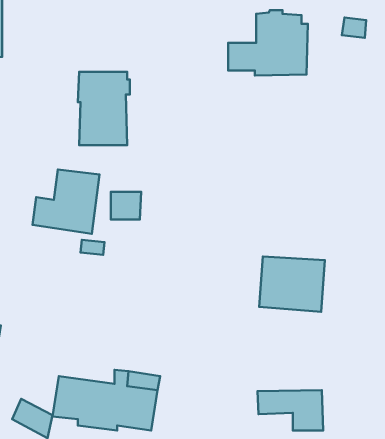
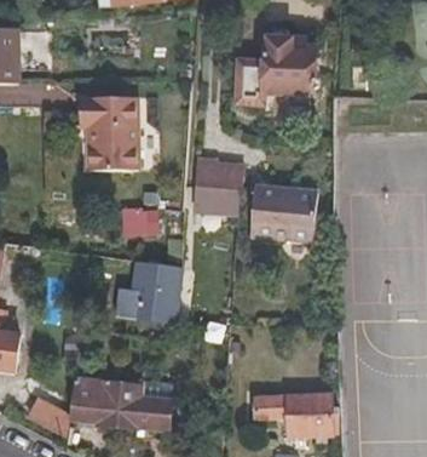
building: none -> [189,162,241,216]
building: [32,169,99,234] -> [119,259,183,321]
building: [259,256,325,312] -> [248,187,311,240]

